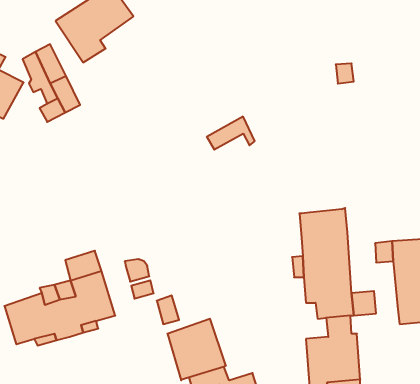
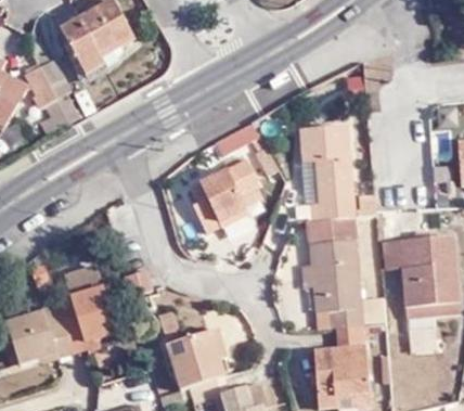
building: none -> [295,129,374,226]
building: none -> [191,168,256,237]

